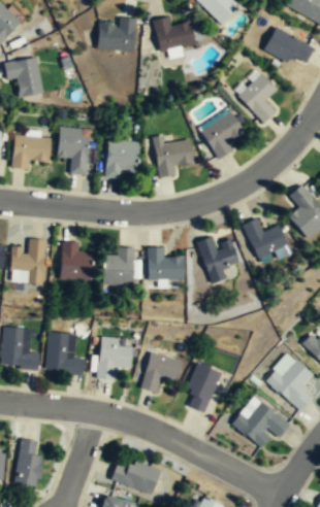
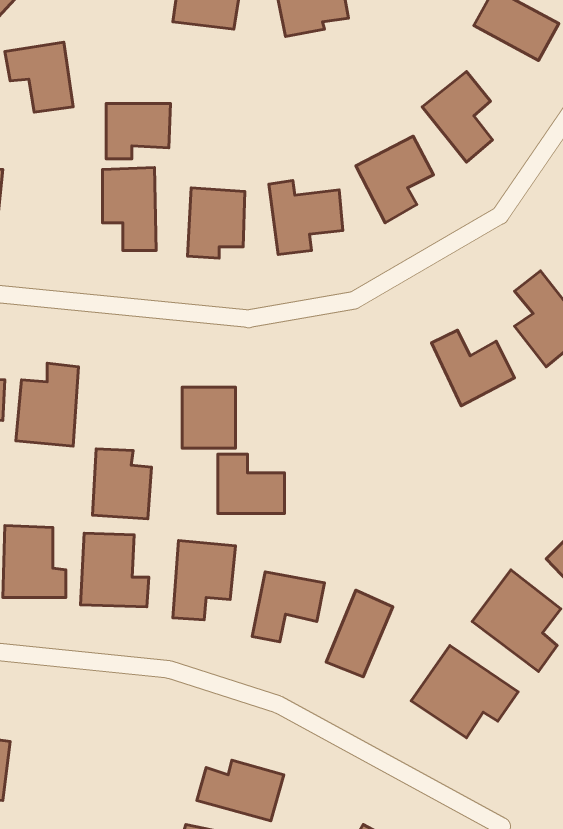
building: [14,137,51,168] -> [106,104,171,159]
building: [199,236,241,283] -> none
building: [59,241,92,280] -> [92,449,152,519]
building: [148,247,185,280] -> [218,454,284,513]
building: [15,440,44,487] -> none

